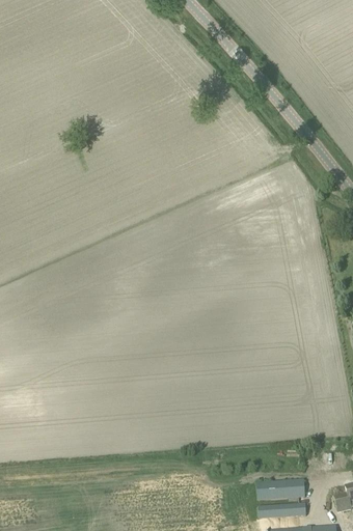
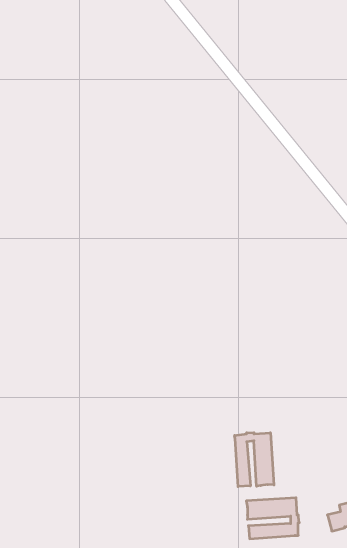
building: none -> [235,433,274,487]

